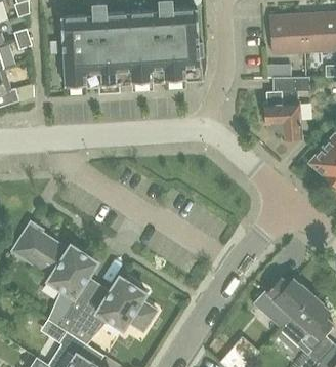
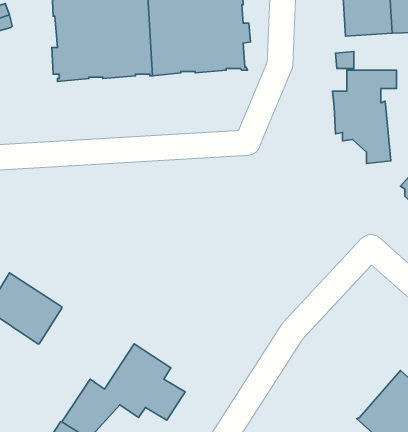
building: [46,243,96,331] -> none
building: [254,278,311,328] -> none

